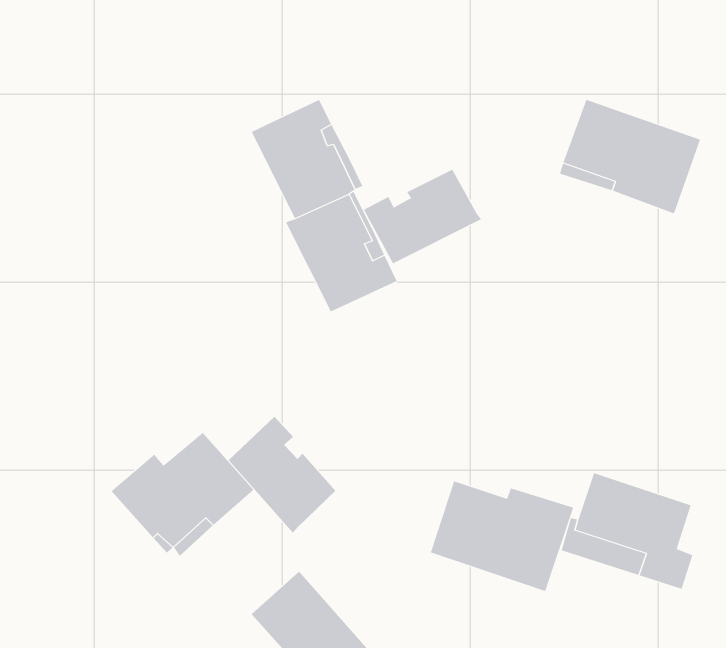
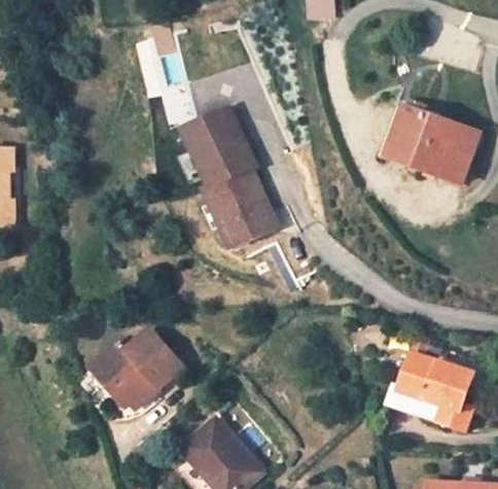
building: [363,169,482,264] -> none
building: [228,416,336,534] -> none
building: [430,480,574,592] -> none

